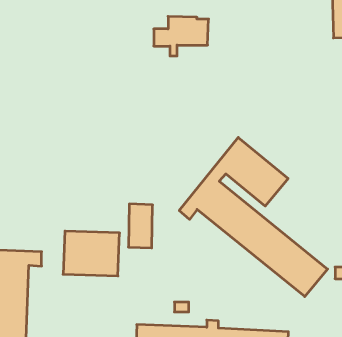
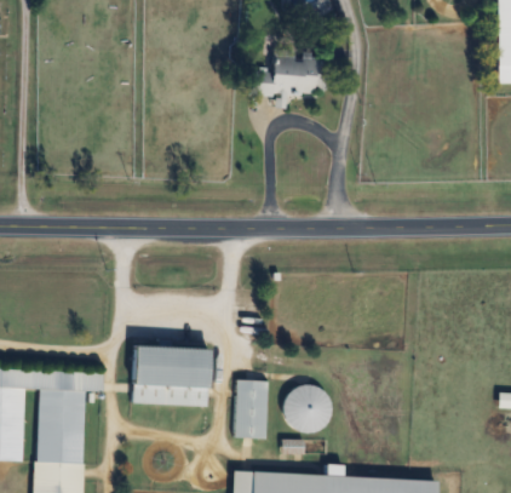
building: [179,137,328,297] -> none
building: [128,204,153,248] -> [235,379,268,438]
building: none -> [279,382,332,436]

